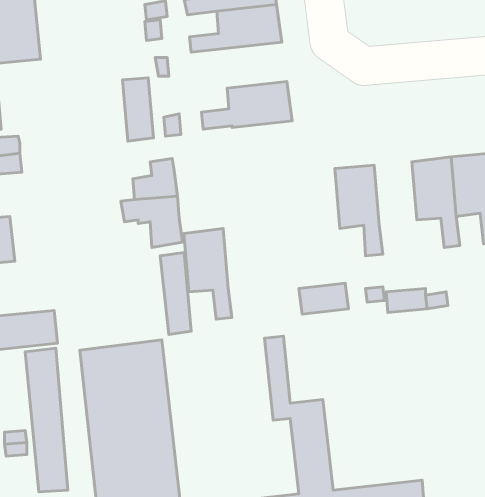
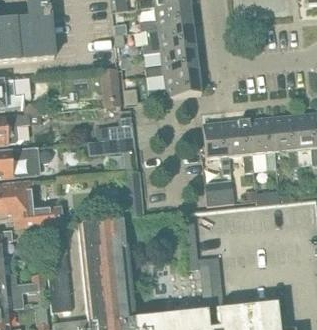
building: none -> [144,46,198,75]
building: none -> [249,116,276,169]
building: [184,229,232,319] -> [203,120,231,173]

